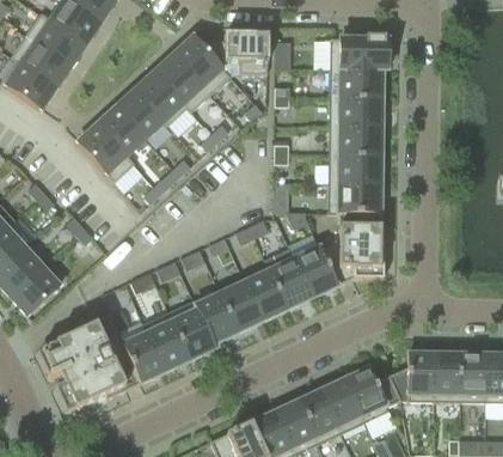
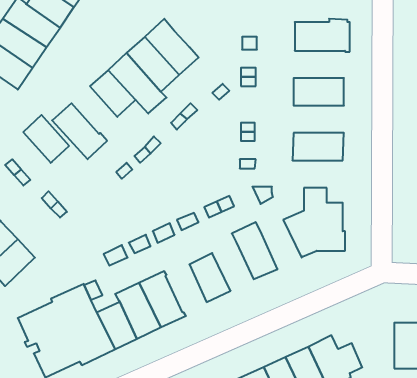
building: [206,31,269,72] -> none
building: [330,67,384,96] -> none
building: [98,104,146,154] -> [23,115,69,163]
building: [330,124,382,153] -> none
building: [329,182,381,226] -> none
building: [295,244,338,295] -> none
building: [245,268,288,318] -> none
building: [196,291,239,341] -> none
building: [391,351,435,400] -> none

